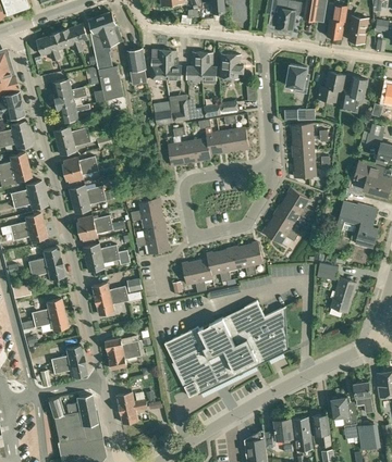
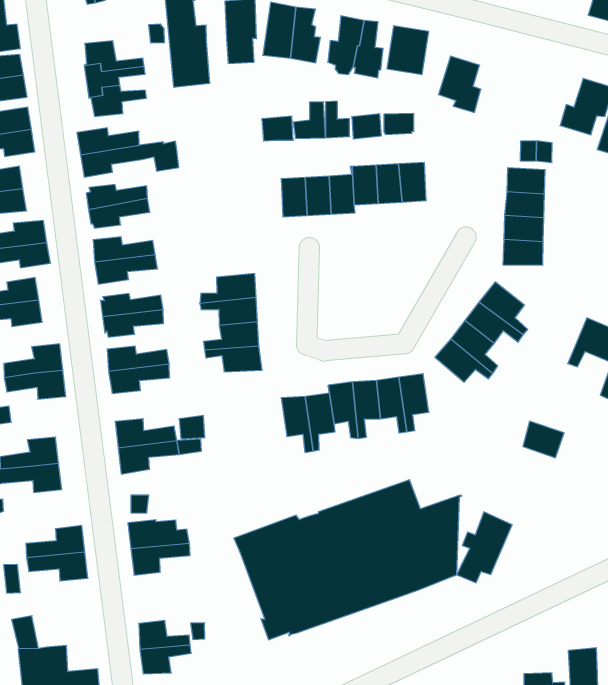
building: [286,64,309,93] -> [438,56,481,112]
building: [329,278,356,317] -> [457,512,512,583]
building: [76,395,98,426] -> none

